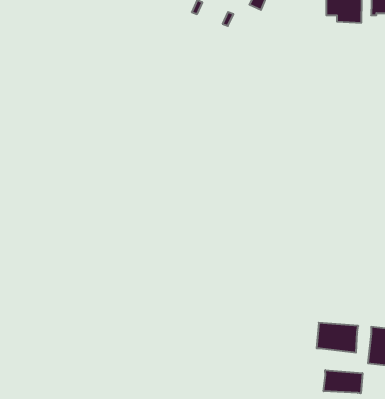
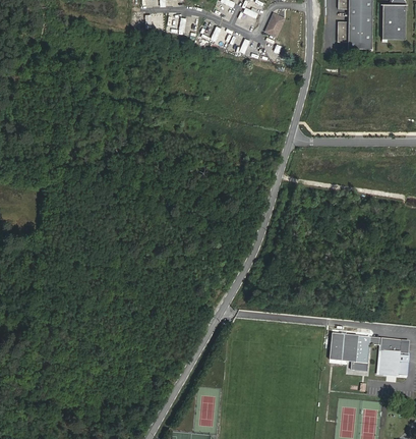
building: [324,370,362,393] -> none

